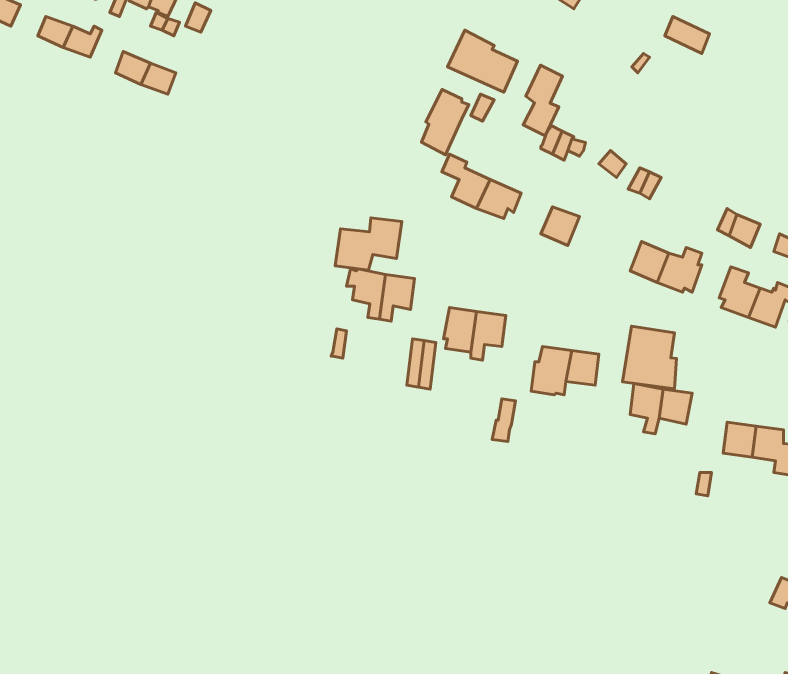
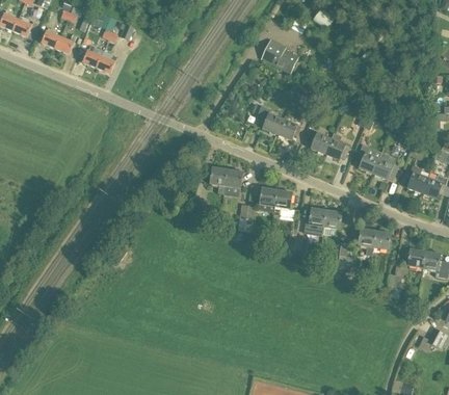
building: [523,65,563,136] -> none
building: [421,90,469,155] -> none
building: none -> [324,132,349,159]
building: [335,218,402,270] -> none
building: [622,326,676,389] -> none

